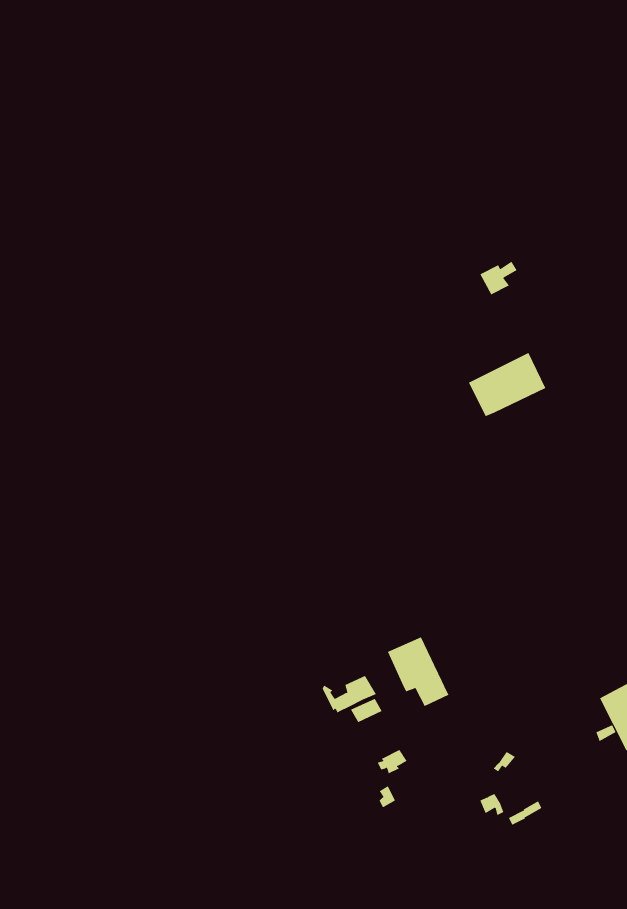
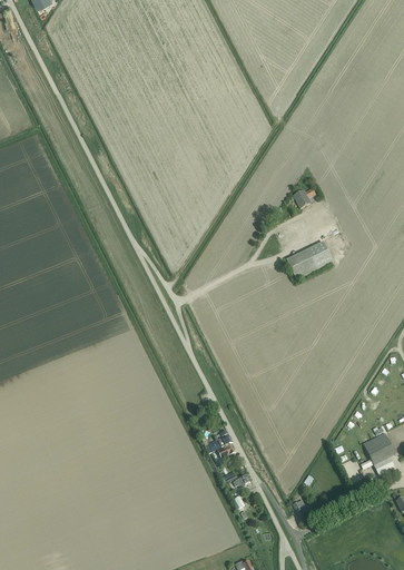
building: [387,636,449,707] -> none

